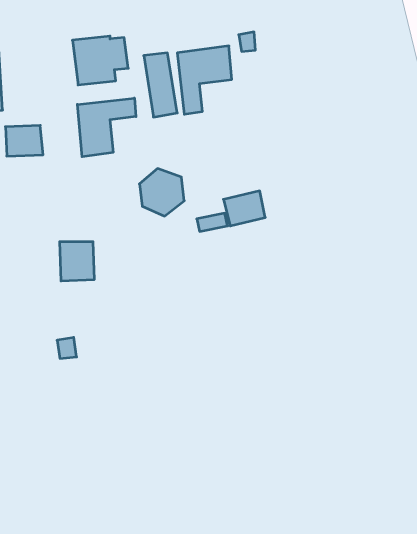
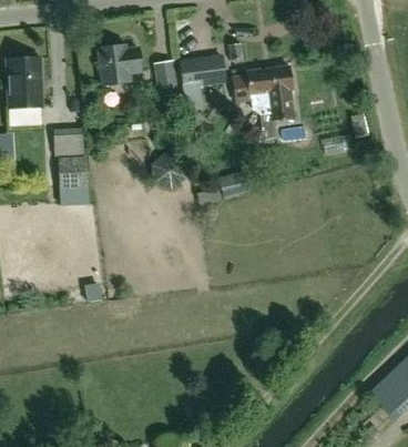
building: none -> [235,64,294,119]
building: [77,98,136,157] -> none
building: [60,242,94,281] -> [60,158,88,189]

